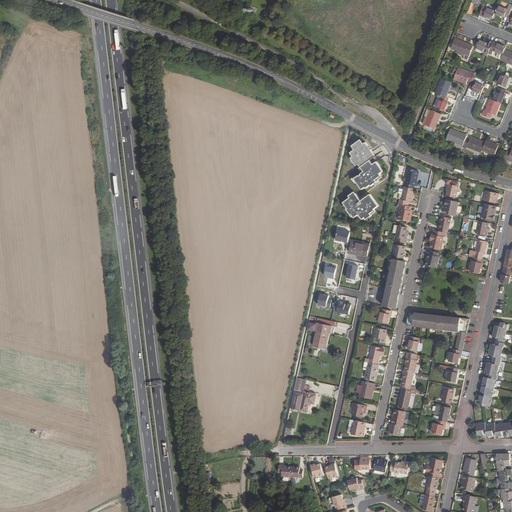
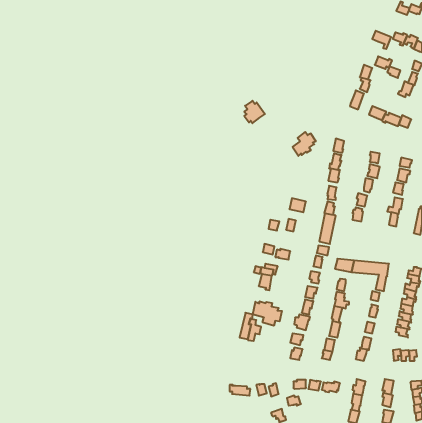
building: [349,139,374,166] -> [244,101,265,123]
building: [343,191,377,219] -> none
building: none -> [253,301,282,326]

